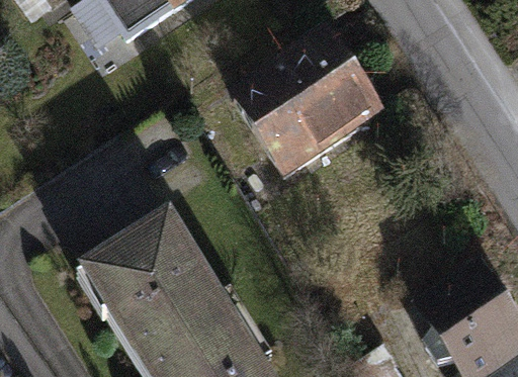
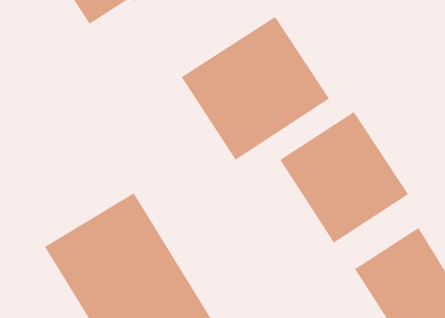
building: none -> [279,111,409,243]

